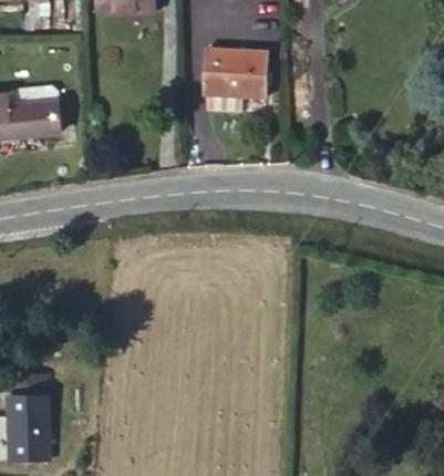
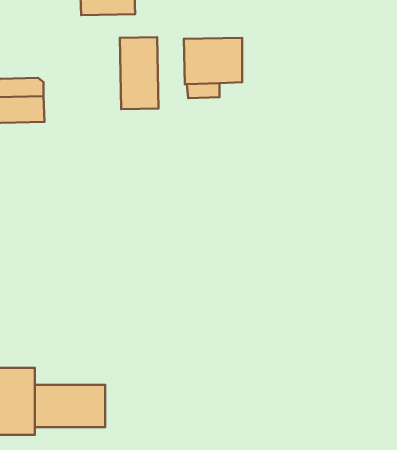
building: none -> [120,37,158,109]
building: none -> [35,385,105,427]

